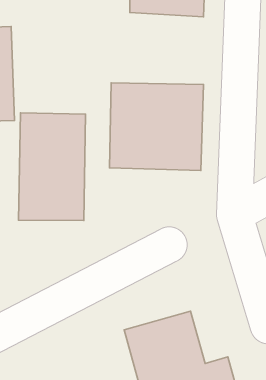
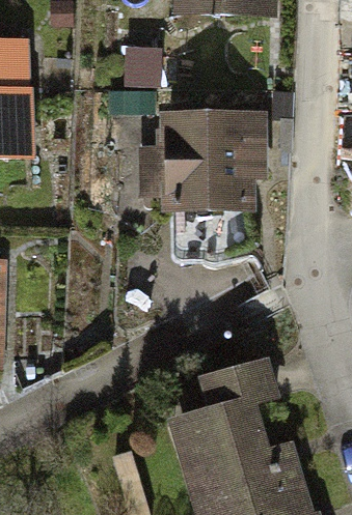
building: [18,113,85,220] -> none

